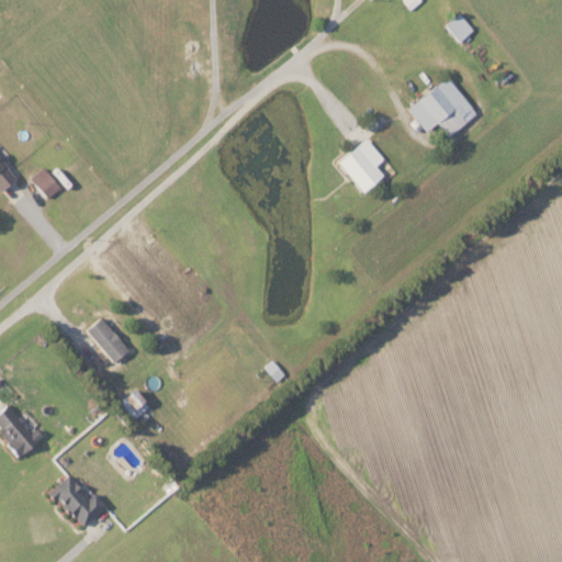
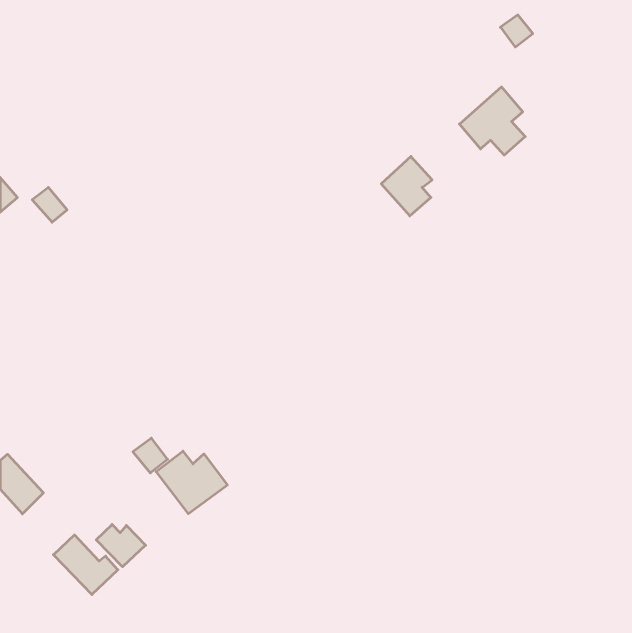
building: [87,316,130,361] -> none
building: none -> [156,451,227,514]
building: none -> [96,524,146,567]

